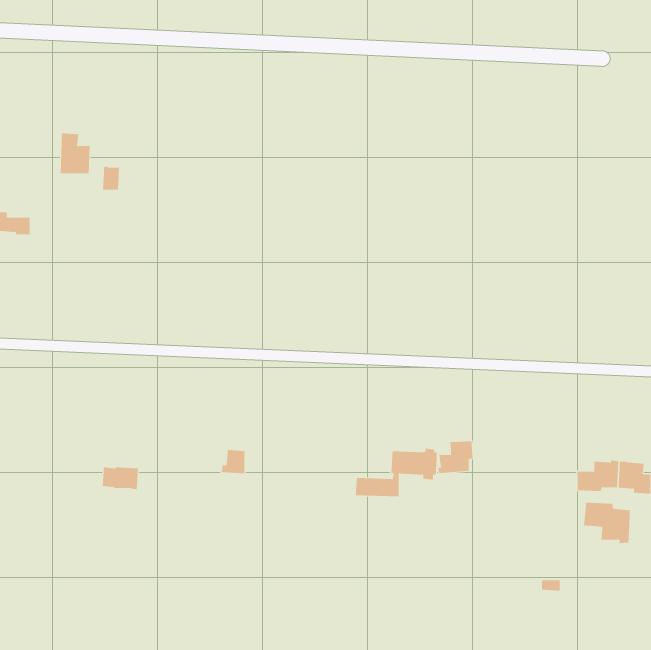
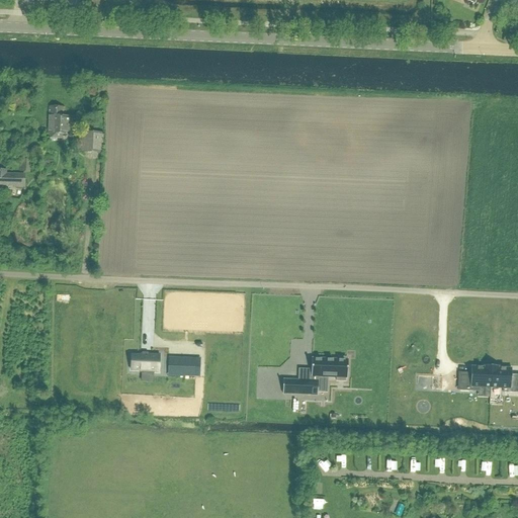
building: [438,441,473,474] -> none
building: [102,467,139,490] -> [130,353,159,371]
building: [584,502,630,544] -> none

